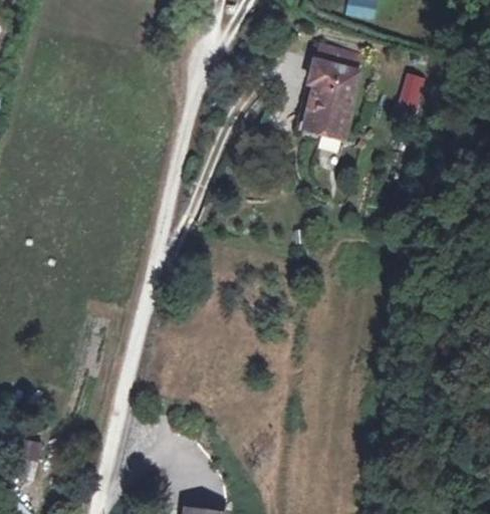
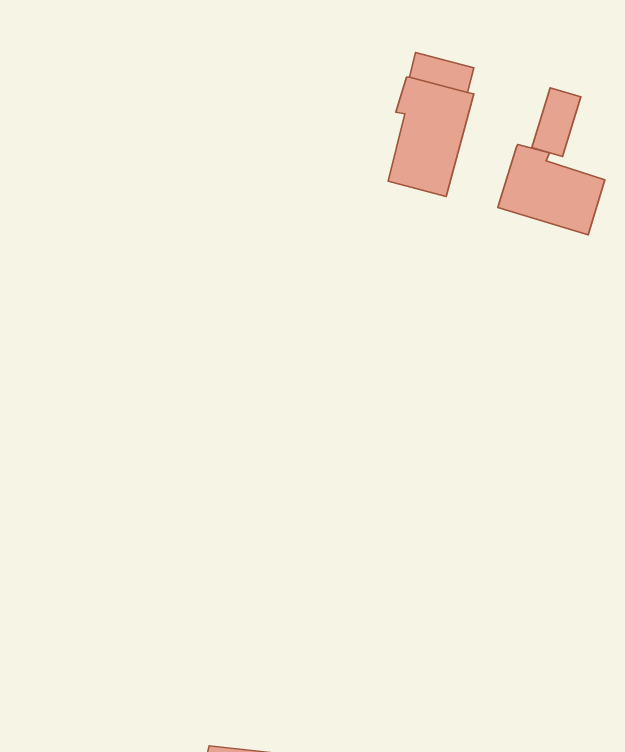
building: none -> [498,144,605,235]

